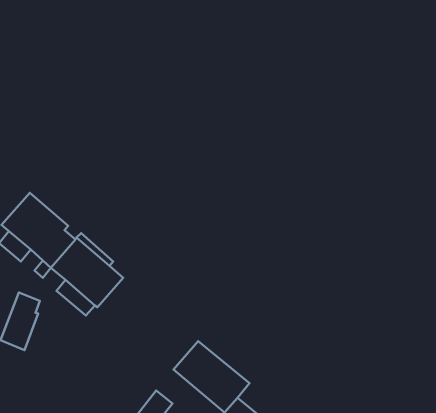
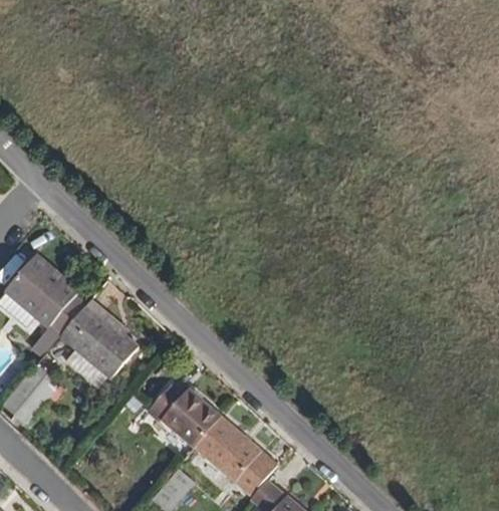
building: none -> [146,385,221,448]

